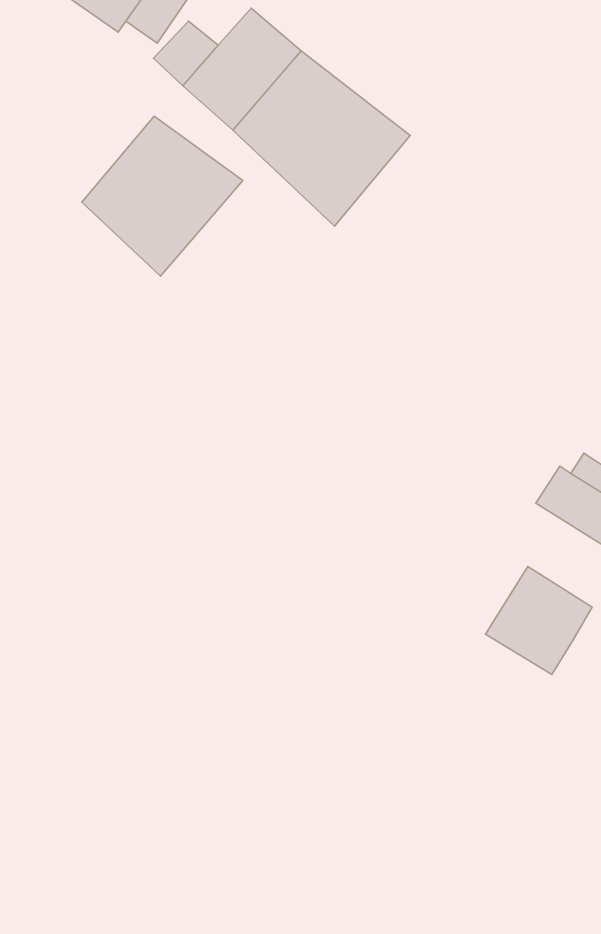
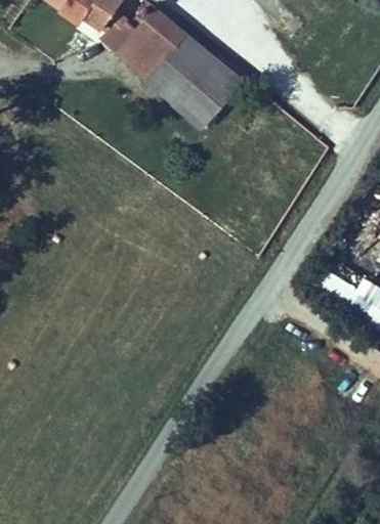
building: [82,116,243,276] -> none
building: [485,566,592,675] -> none

